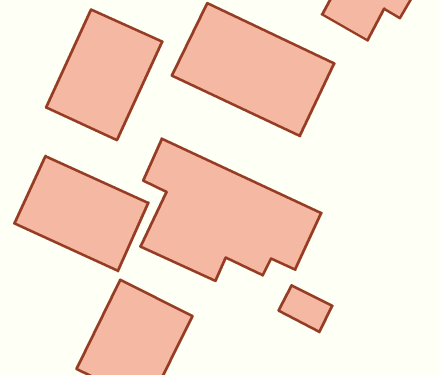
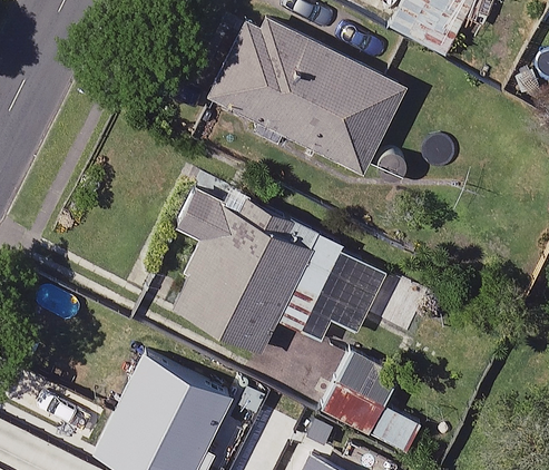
building: [46,10,162,140] -> none
building: [14,156,148,271] -> none

